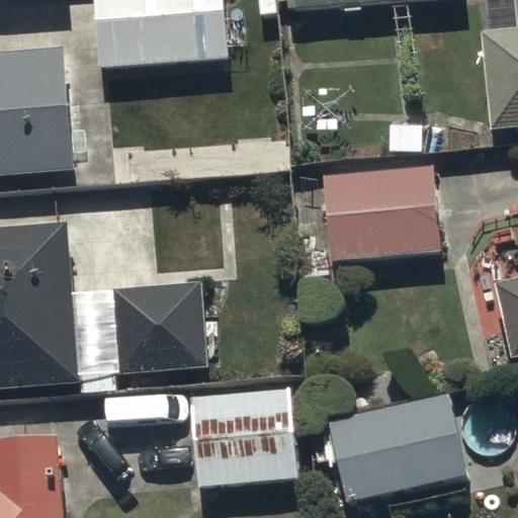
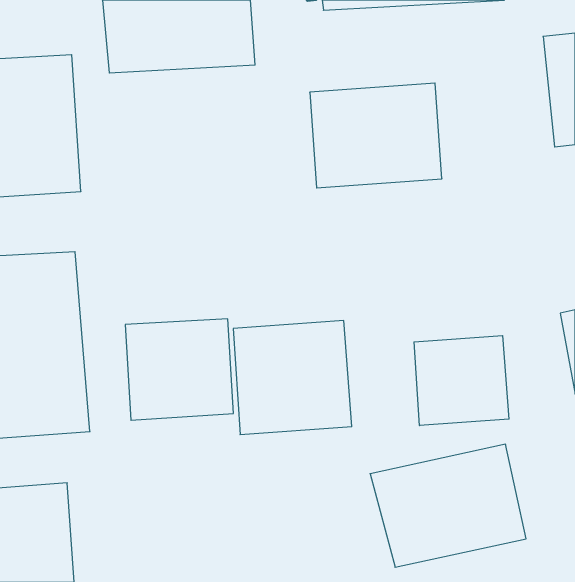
building: [322,168,439,261] -> [310,83,442,188]
building: none -> [414,336,509,426]
building: [190,388,295,490] -> [233,321,352,435]

